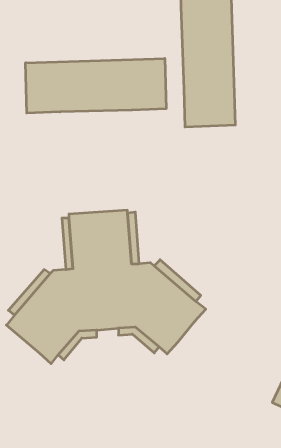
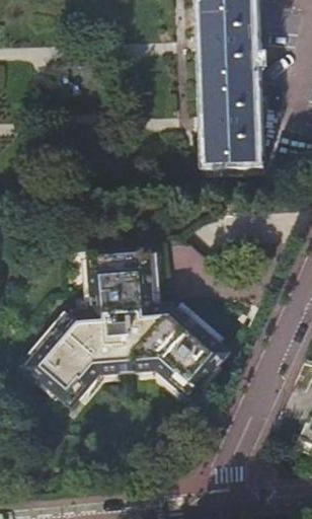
building: [26,58,166,113] -> none

